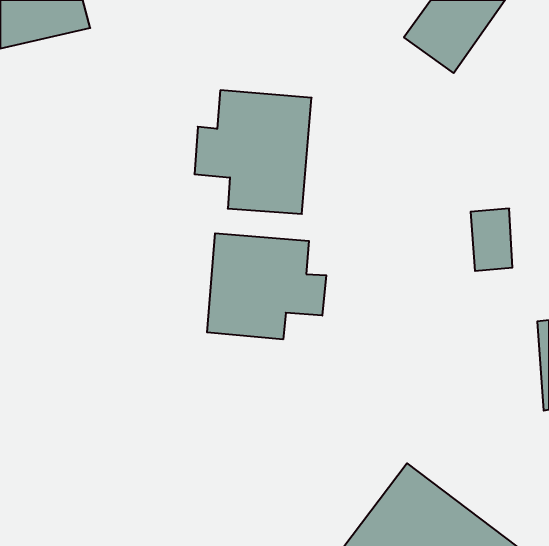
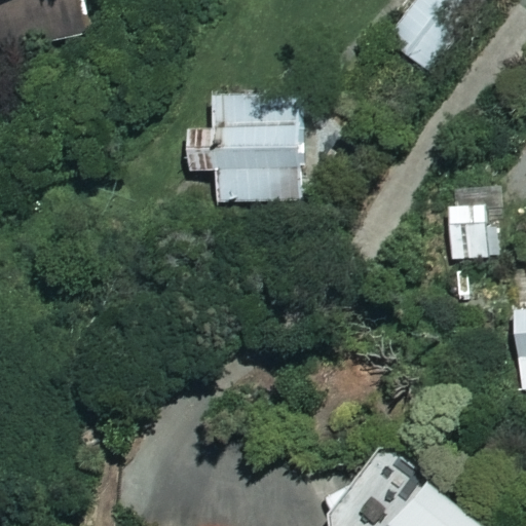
building: [207,233,326,339] -> none

